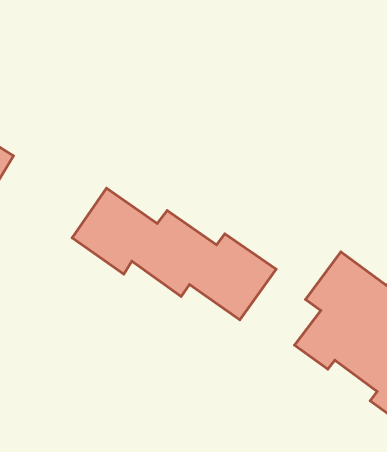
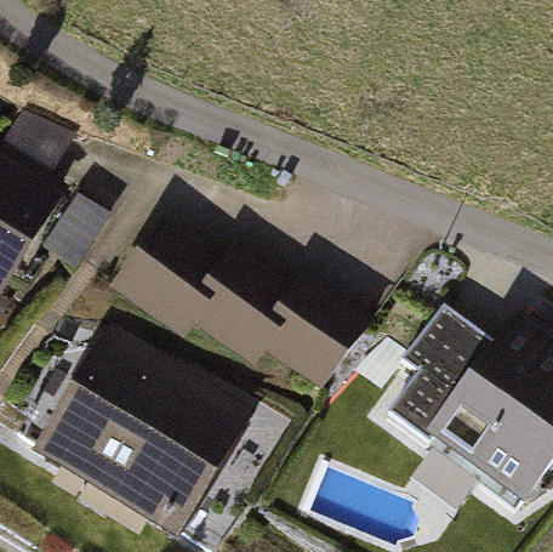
building: none -> [46,345,233,524]

